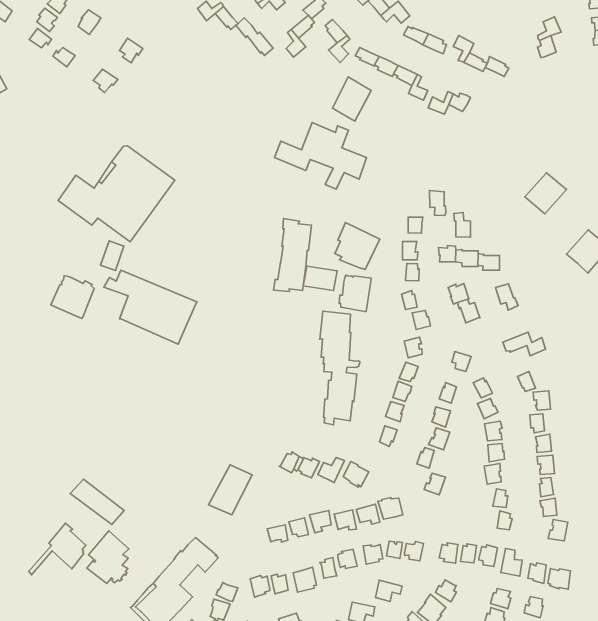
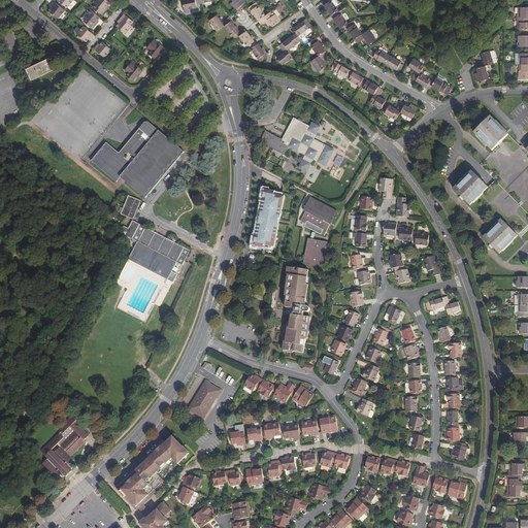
building: [333,77,371,121] -> none
building: none -> [473,116,507,150]
building: [303,266,337,291] -> none
building: [51,276,94,318] -> none
building: [70,479,124,524] -> none
building: [87,531,129,583] -> [40,435,74,476]

